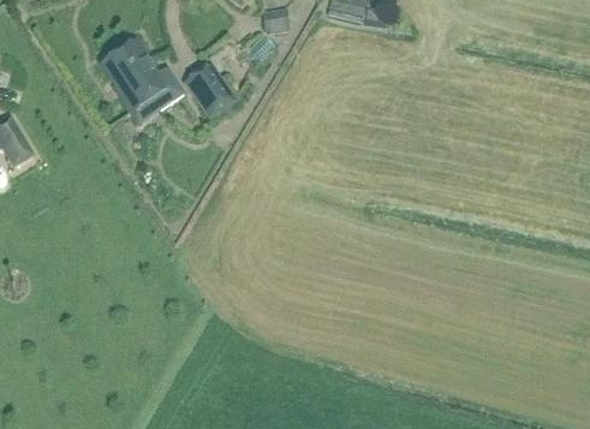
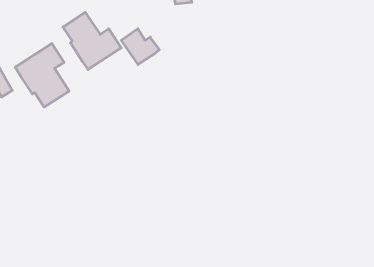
building: none -> [15,43,69,107]

